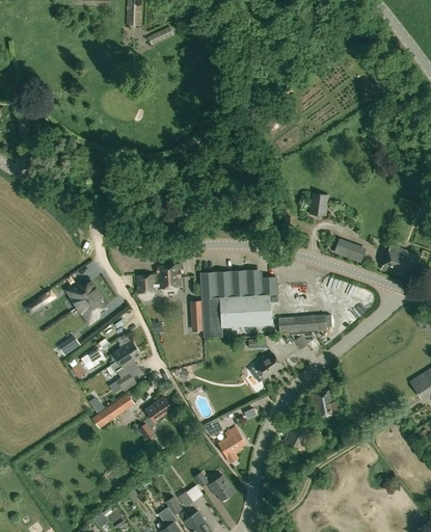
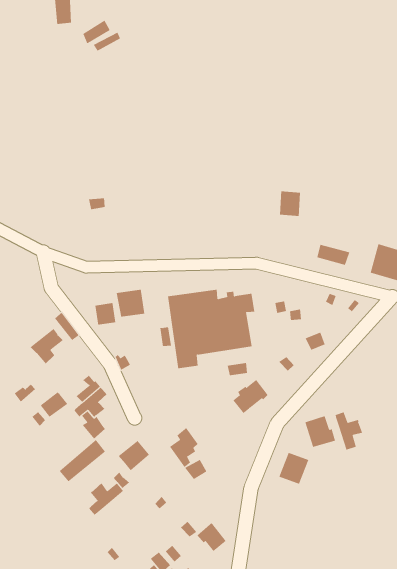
building: [66,282,100,307] -> none
building: [278,315,318,334] -> none
building: none -> [335,412,363,451]
building: [219,427,245,462] -> [169,427,199,468]
building: none -> [88,482,124,515]

